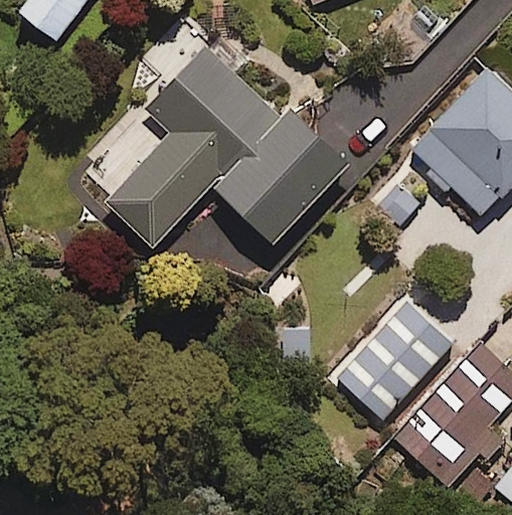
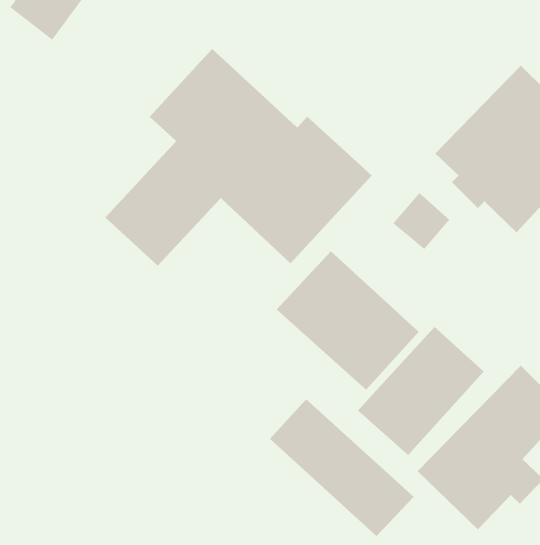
building: none -> [276,250,420,391]
building: none -> [269,399,415,537]

